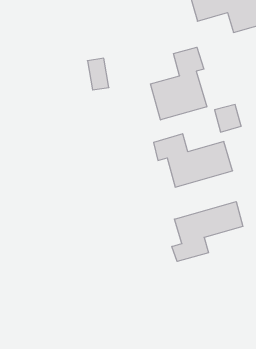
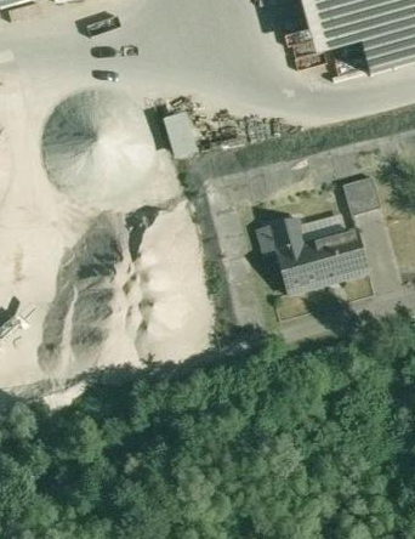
building: [151,47,207,120] -> none
building: [172,202,243,261] -> none

